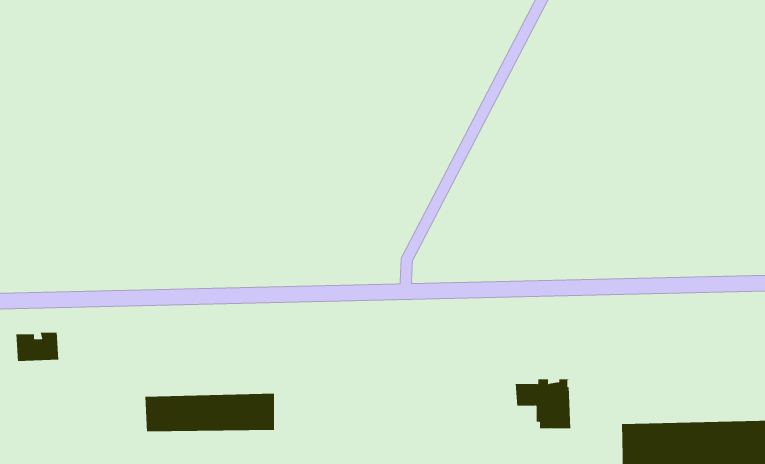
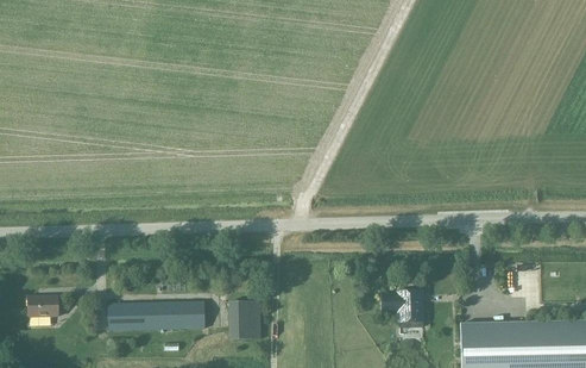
building: [16,332,59,361] -> [27,295,59,317]
building: none -> [228,300,262,339]

